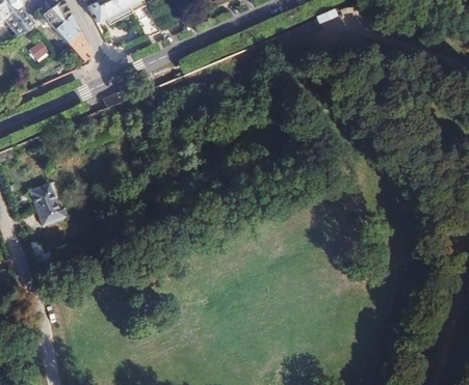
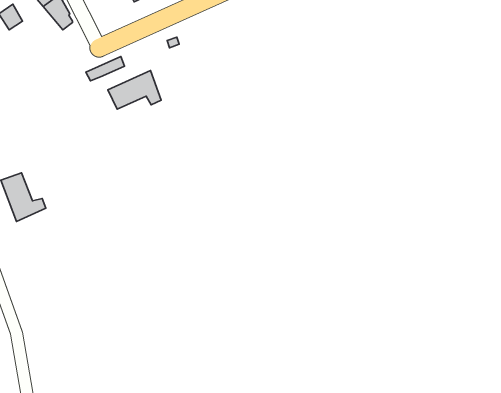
building: none -> [108,70,161,109]

